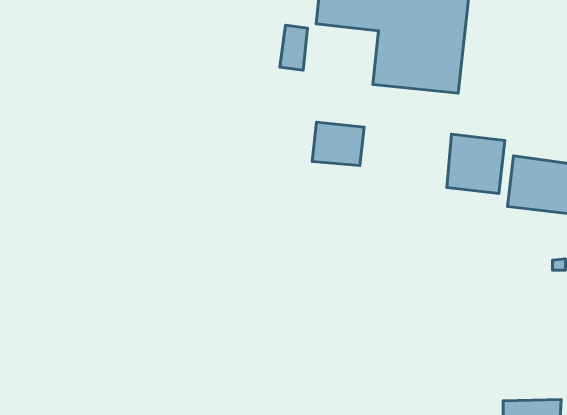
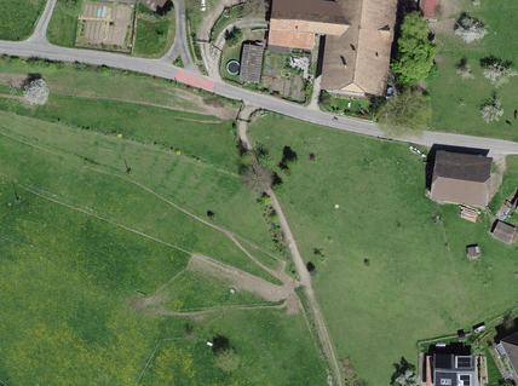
building: [312,122,364,166] -> none
building: [447,134,505,193] -> none

